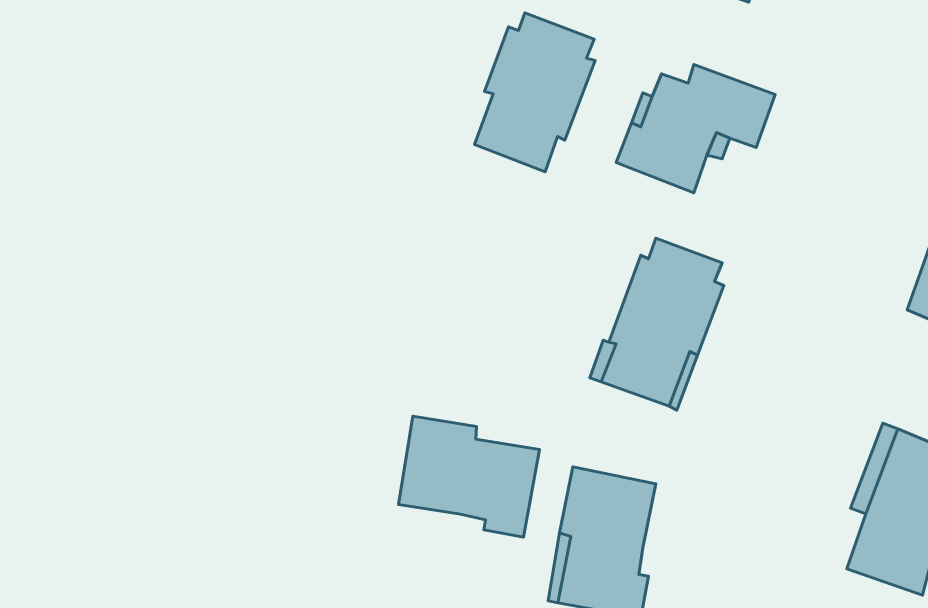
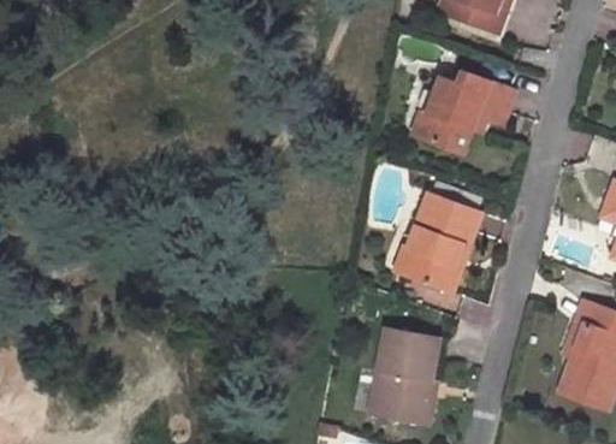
building: [474,13,595,172] -> none
building: [399,416,539,537] -> none

